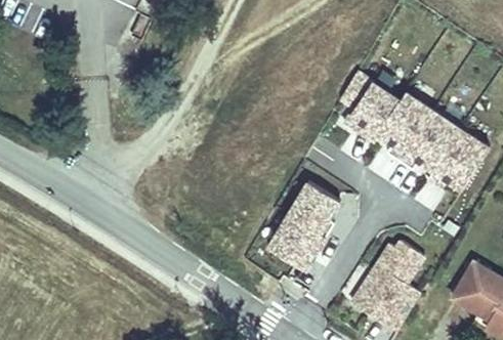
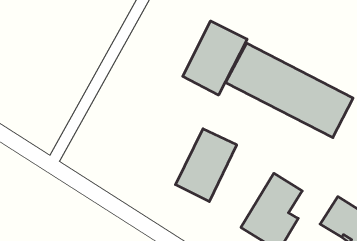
building: none -> [183,21,247,95]

